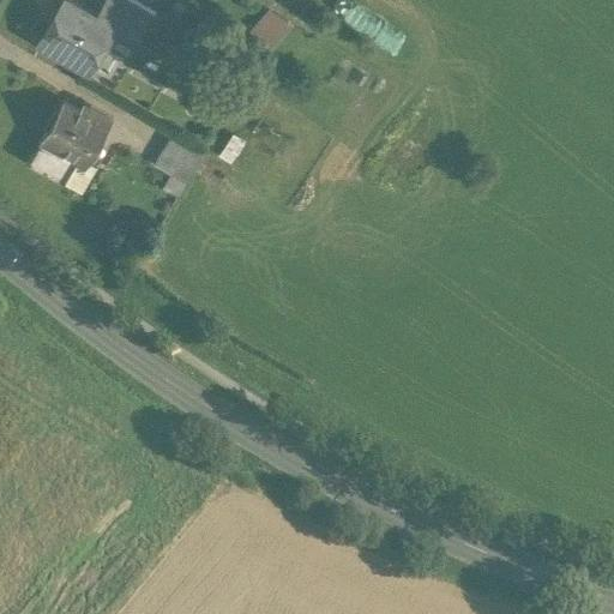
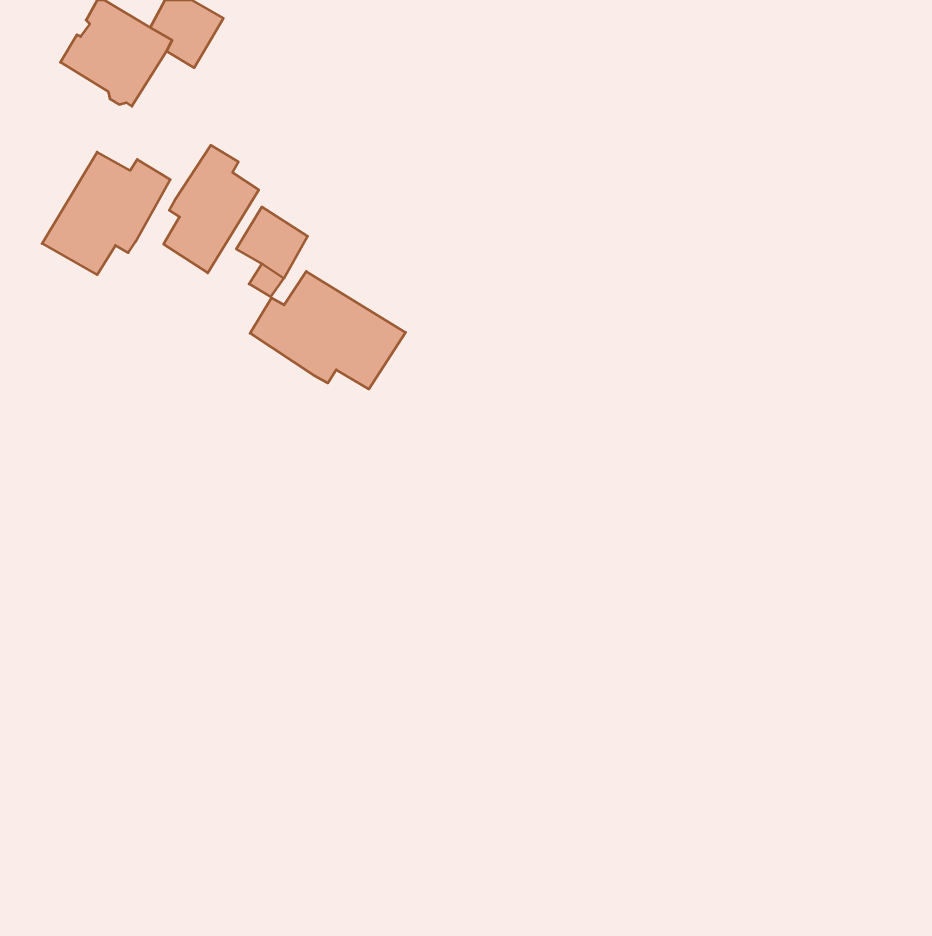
building: none -> [164,145,259,273]
building: none -> [250,271,406,389]

